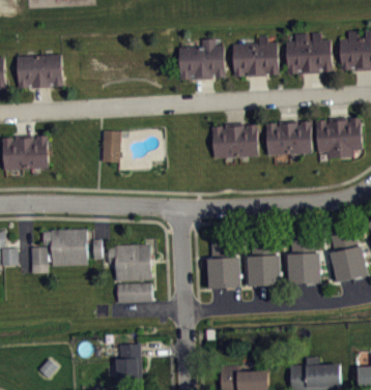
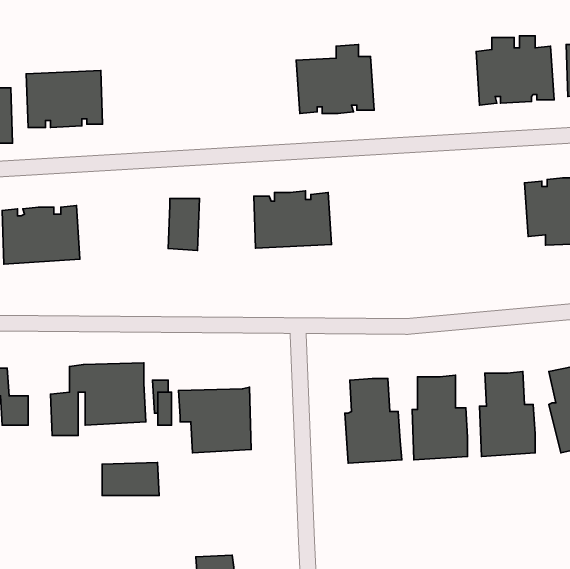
building: [233,36,279,77] -> none
building: [266,120,313,155] -> none
building: [212,123,259,157] -> [254,191,332,248]
building: [118,282,152,302] -> [102,463,159,495]

